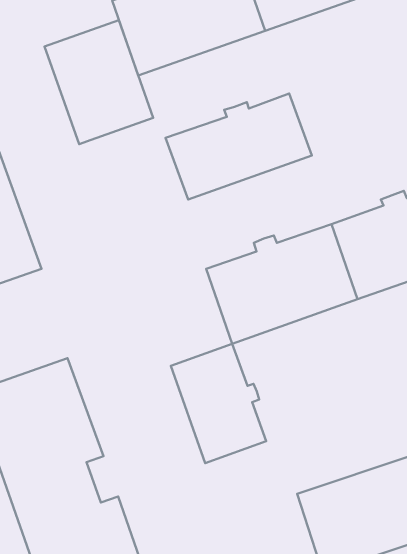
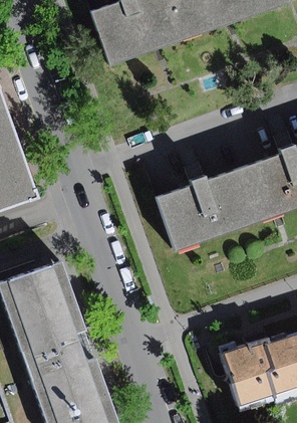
building: [45,20,153,144] -> none
building: [166,94,312,200] -> none
building: [171,344,266,463] -> none

